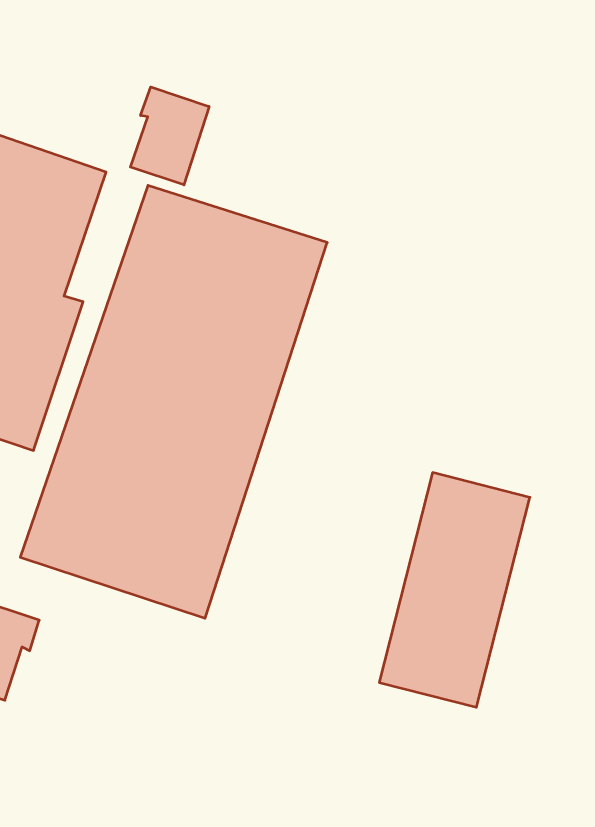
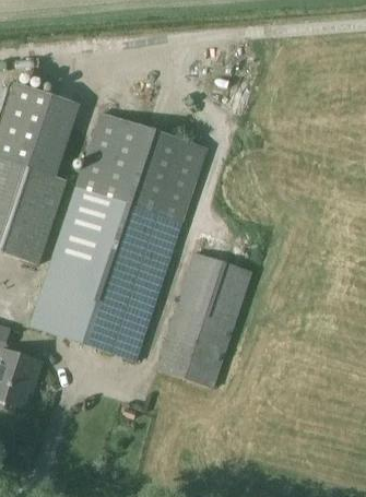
building: [130,87,209,185] -> none
building: [379,473,530,707] -> [151,251,237,386]

